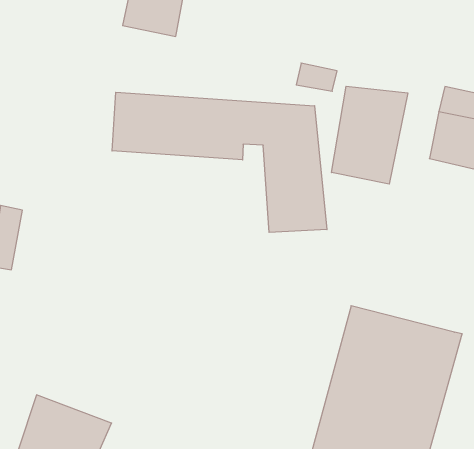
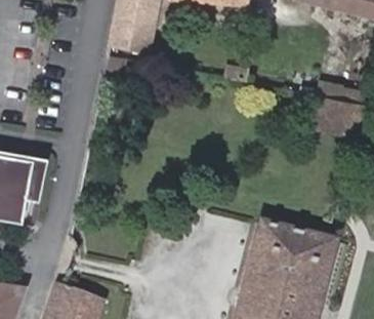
building: [332,86,408,184] -> none
building: [112,92,327,232] -> none

